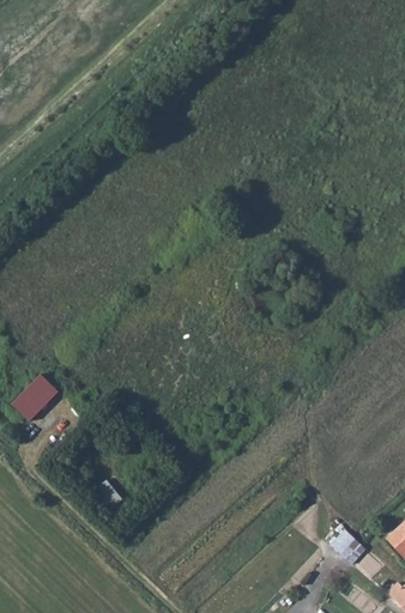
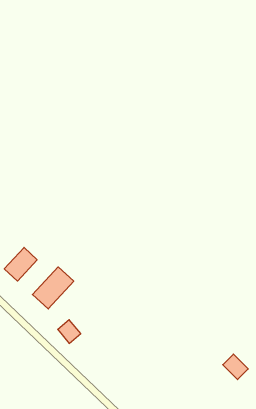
building: none -> [32,267,74,309]

